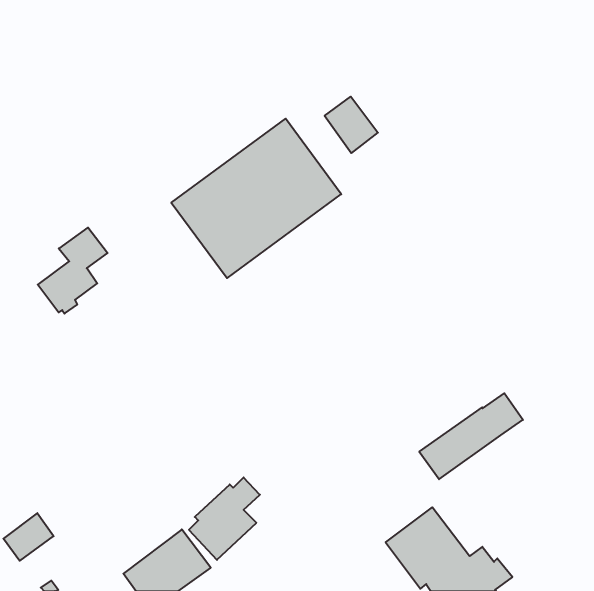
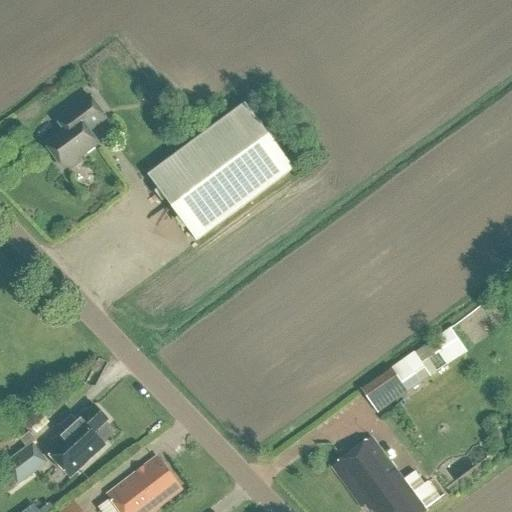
building: [325,97,378,153] -> none
building: [38,228,108,314] -> [45,94,105,168]
building: [189,477,260,560] -> [47,404,108,475]

